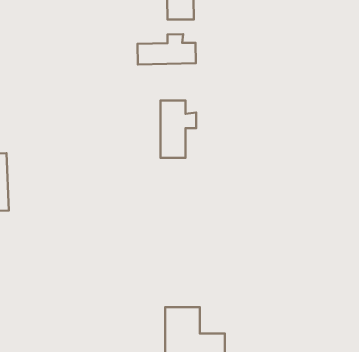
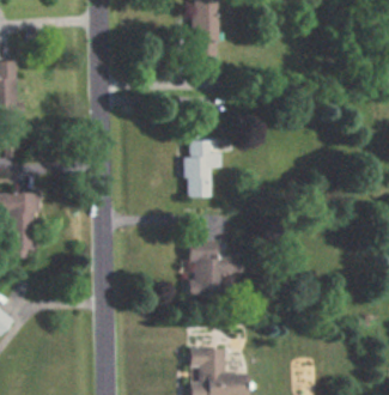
building: [137,34,196,64] -> none
building: none -> [188,239,243,296]

